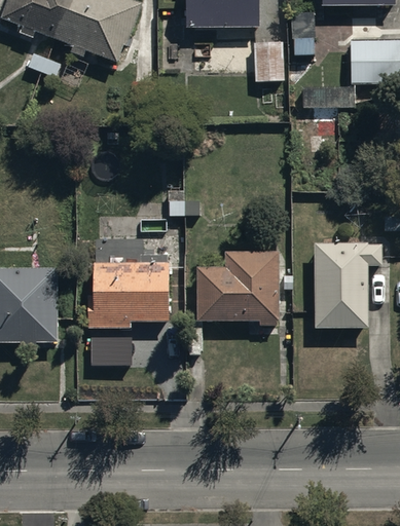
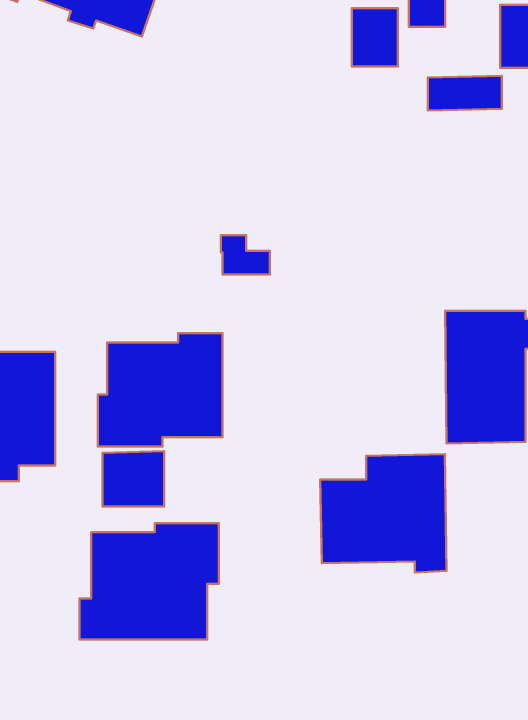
building: [196,250,279,327] -> [320,454,447,573]
building: none -> [79,523,219,640]

